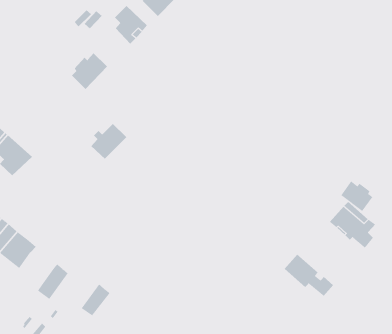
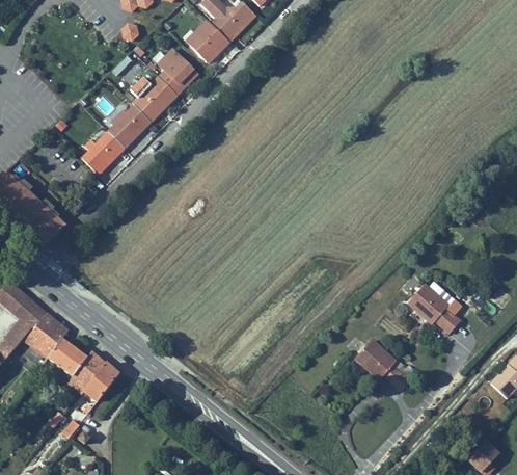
building: none -> [130,76,176,121]
building: [91,123,127,160] -> [82,131,125,174]
building: [340,180,373,212] -> none
building: none -> [48,338,86,375]
building: [81,283,110,316] -> [84,362,118,400]

